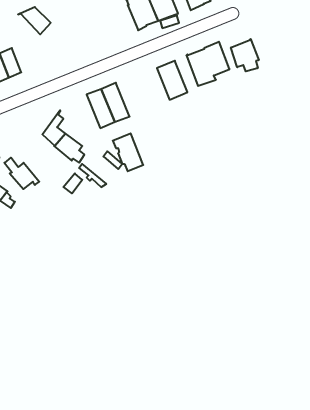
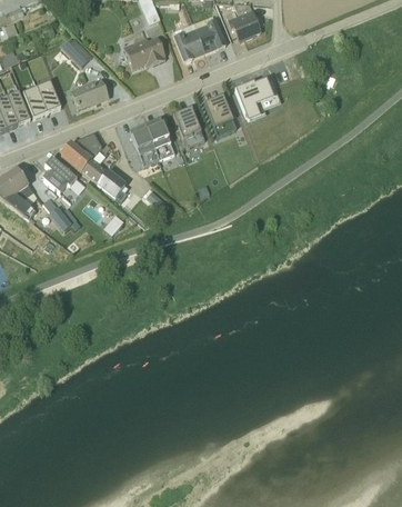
building: none -> [123,36,165,69]
building: [231,39,259,71] -> none
building: none -> [67,79,109,110]
building: none -> [61,133,101,172]
building: none -> [43,157,84,193]
building: [113,133,143,171] -> [172,106,204,146]

